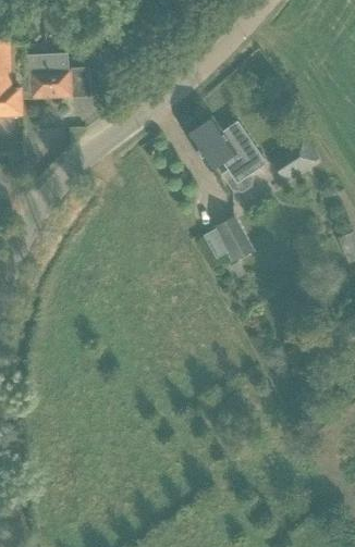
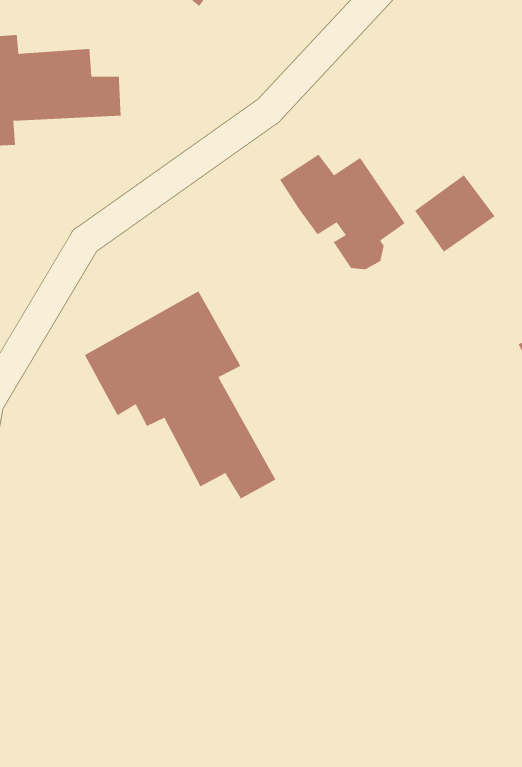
building: none -> [84,290,276,500]
building: [201,215,255,262] -> none

